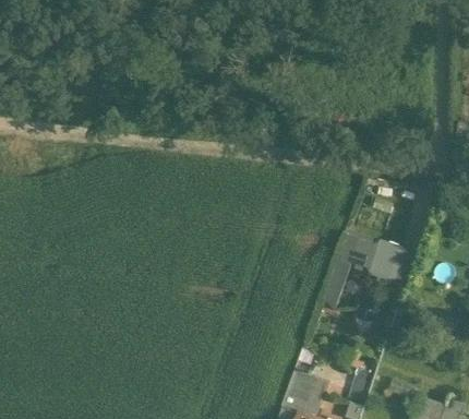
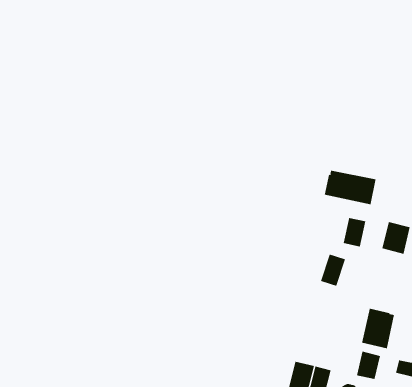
building: none -> [324,170,376,205]
building: none -> [361,308,395,349]

